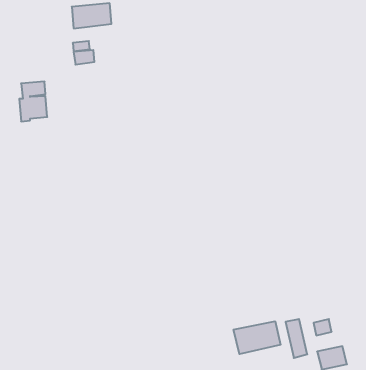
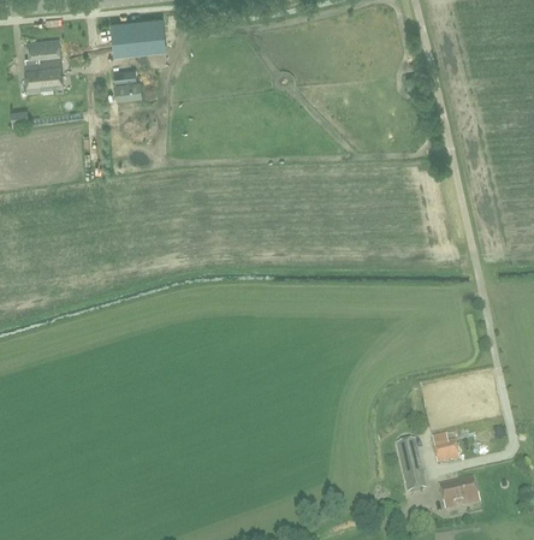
building: [19,82,47,121] -> [25,40,63,93]
building: [234,321,281,354] -> none

